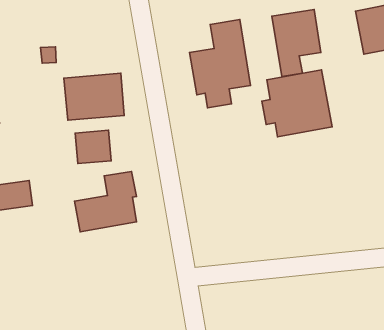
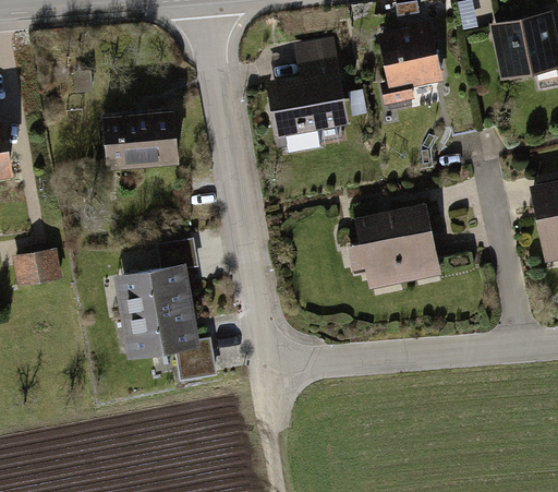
building: [262,70,332,137] -> [348,203,440,291]
building: [75,130,111,164] -> none
building: none -> [123,304,217,380]

